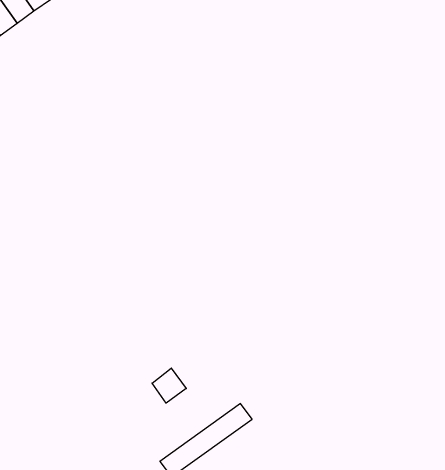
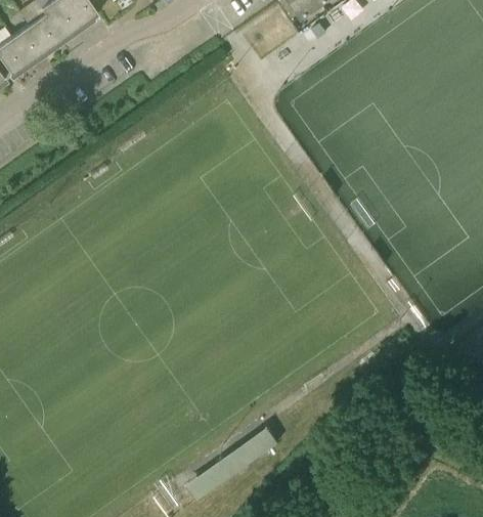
building: [152,368,186,403] -> none

